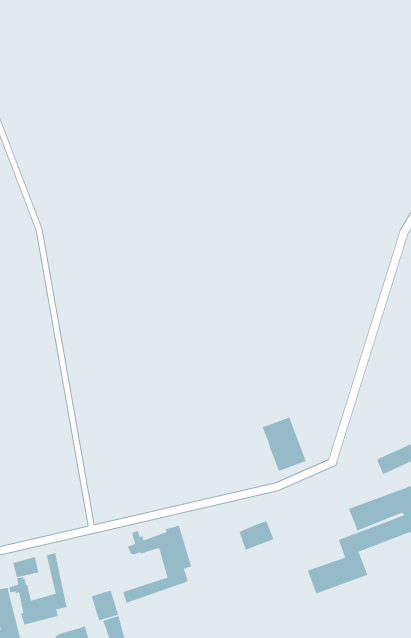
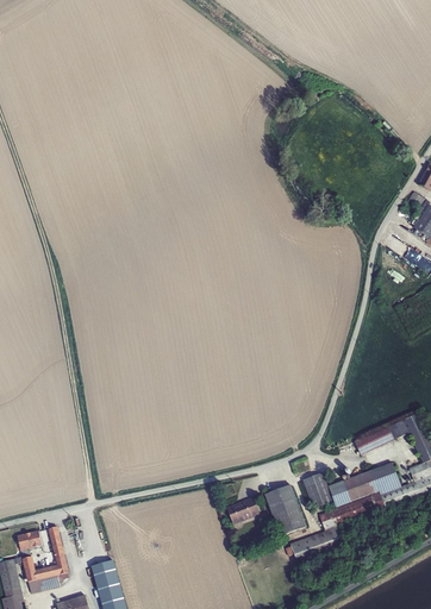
building: [262,417,307,472] -> [264,484,306,535]
building: none -> [301,472,333,508]
building: [122,525,192,604] -> none

